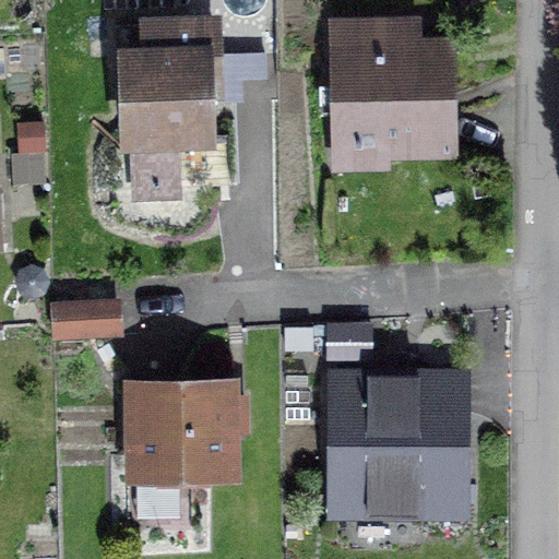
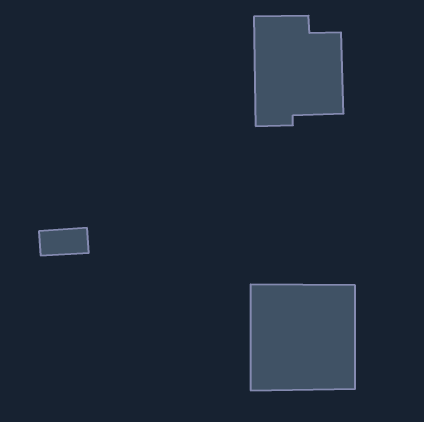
building: [128,25,212,192] -> none
building: [134,389,229,475] -> none

